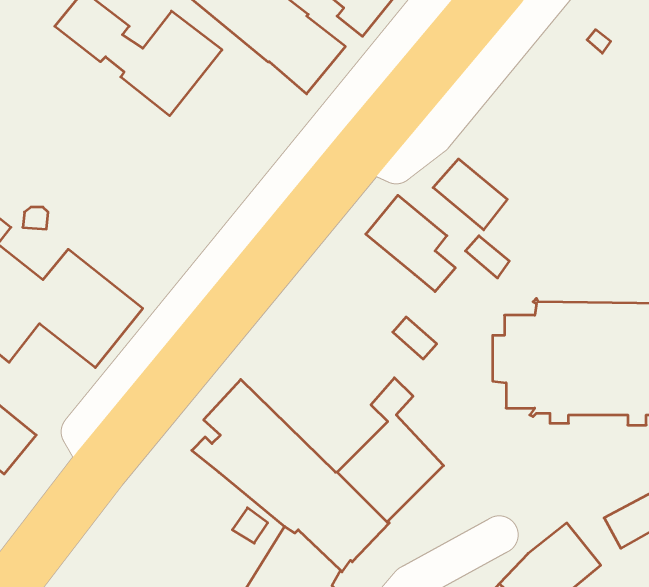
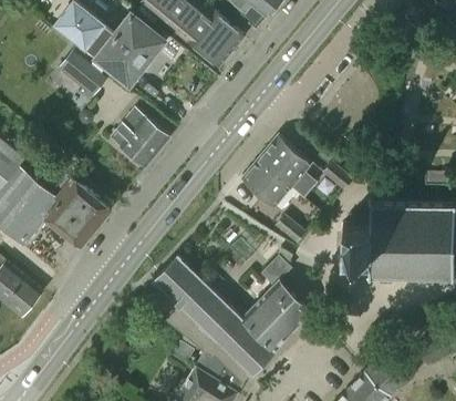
building: none -> [59,49,110,97]
building: none -> [111,109,172,168]
building: [433,159,507,230] -> [242,161,291,207]

